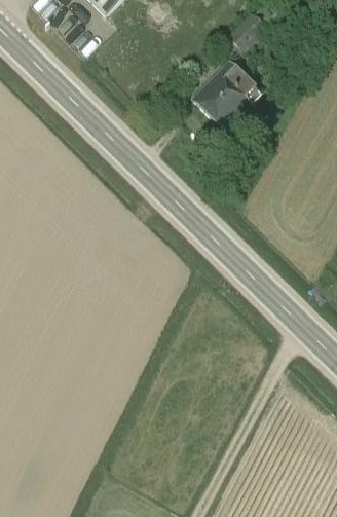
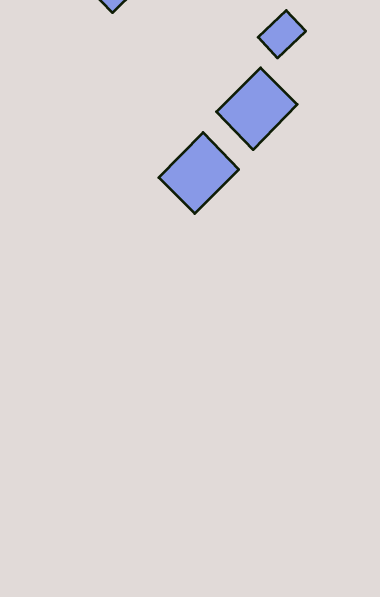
building: none -> [159,132,239,214]

